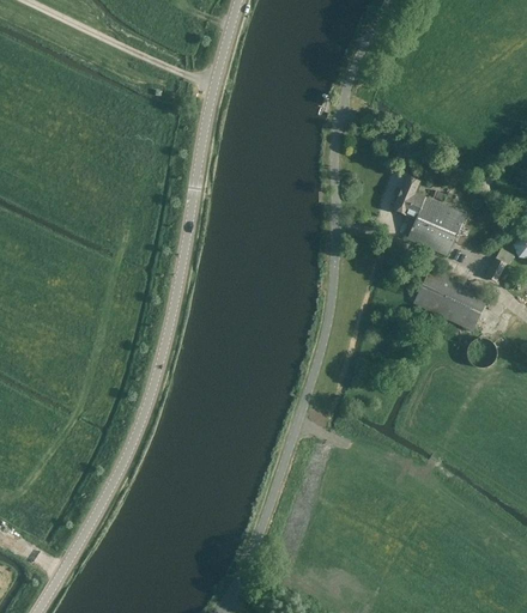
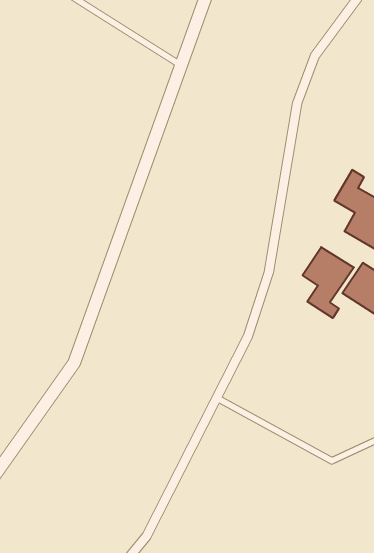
building: none -> [303,247,354,318]

